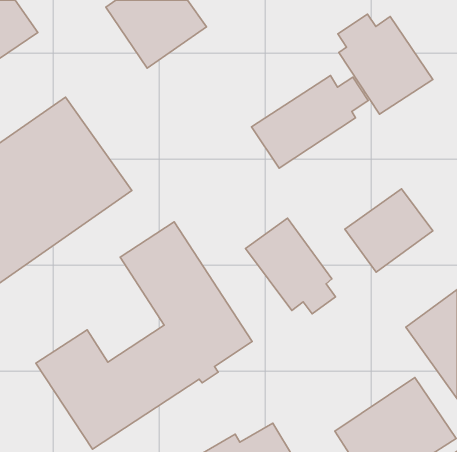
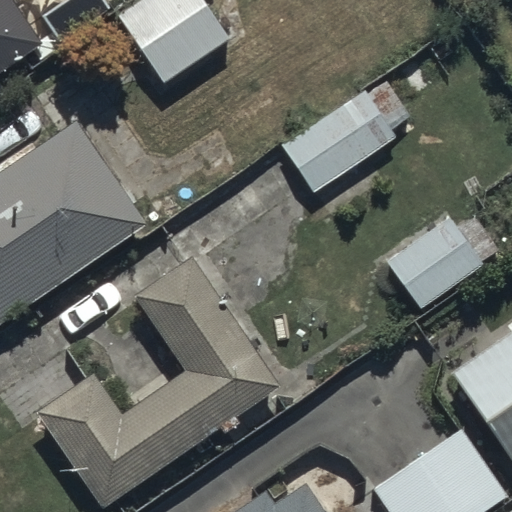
building: [338,14,433,114] -> none
building: [246,218,335,314] -> none

